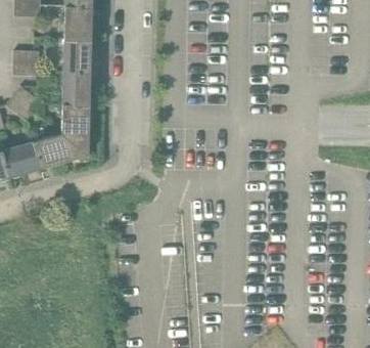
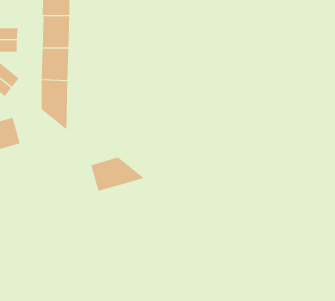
building: [35,132,89,167] -> [91,157,145,191]

